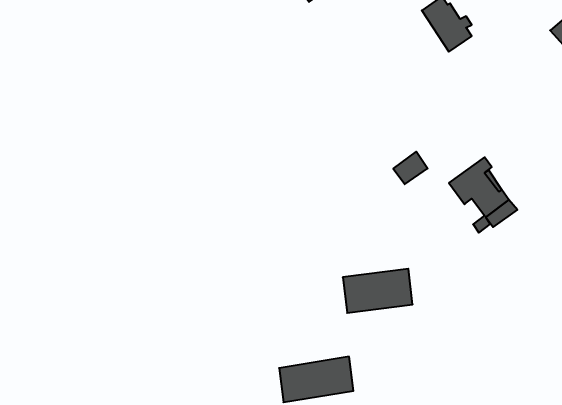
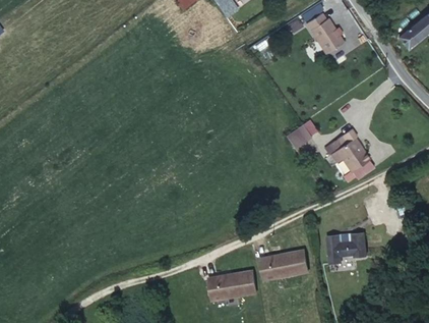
building: [343,269,413,313] -> [260,251,310,282]
building: none -> [329,232,368,262]

